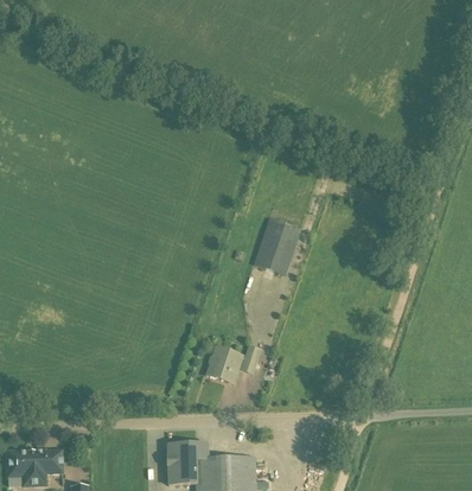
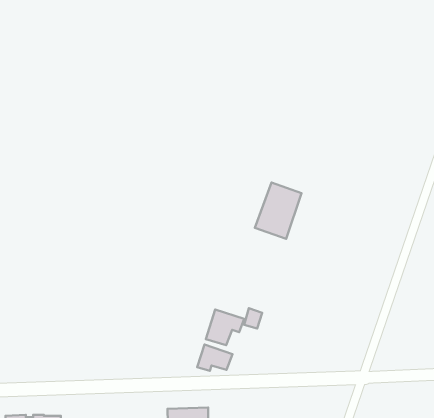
building: none -> [197,345,233,371]

